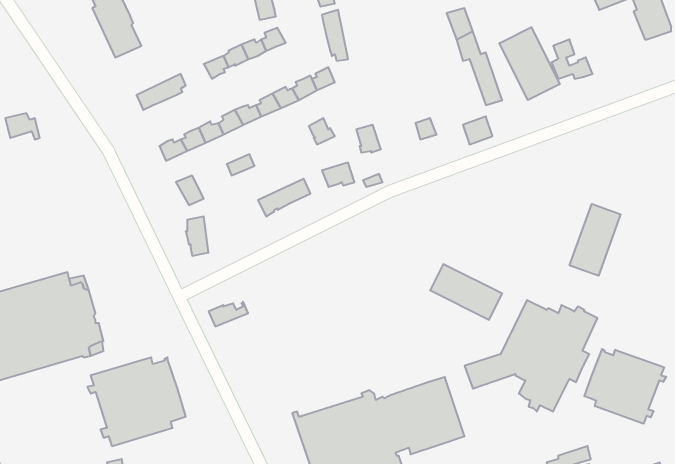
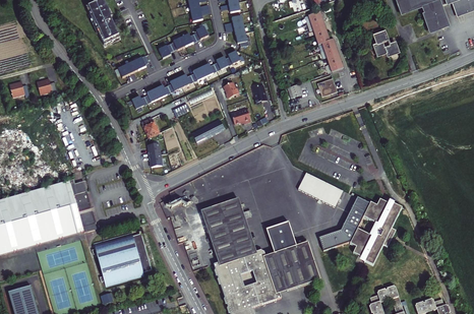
building: [499,27,560,100] -> none
building: [570,204,620,276] -> none
building: none -> [199,198,255,266]
building: none -> [265,221,297,253]
building: [584,349,666,424] -> none

